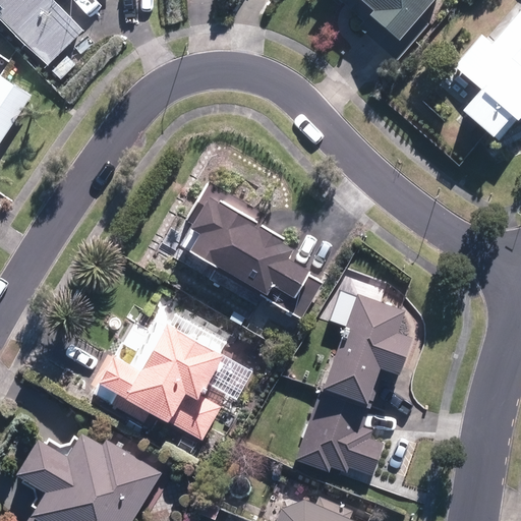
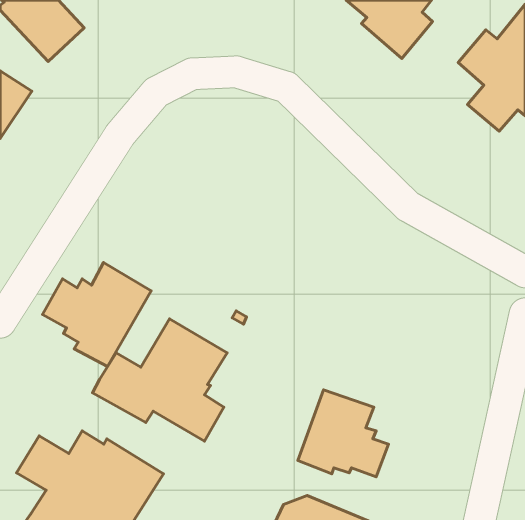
building: [180,181,324,320] -> none
building: none -> [43,263,151,367]
building: [321,291,414,408] -> none

